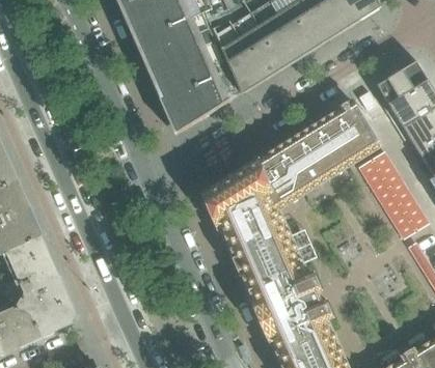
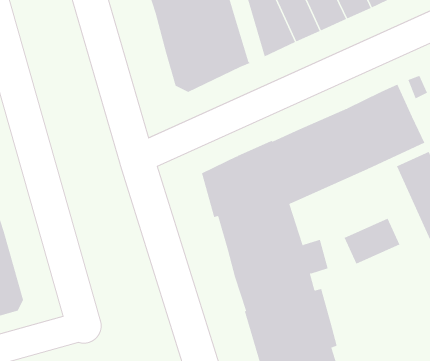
building: none -> [344,218,400,264]

